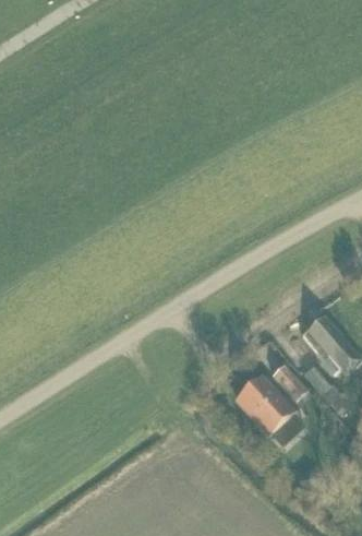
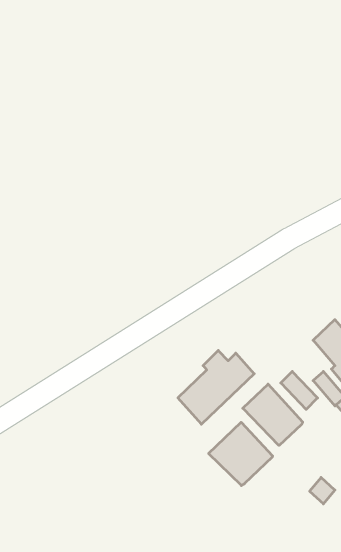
building: none -> [178,350,254,424]
building: none -> [209,422,273,486]

